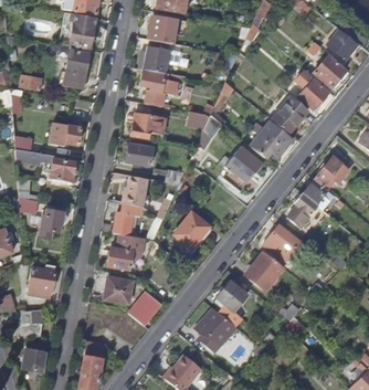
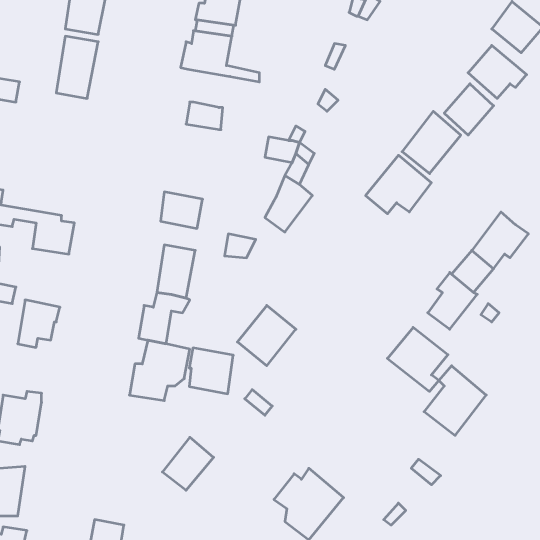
building: [140,70,169,93] -> none
building: [130,114,166,138] -> none
building: [49,123,81,146] -> none
building: [223,146,264,190] -> none
building: [246,250,284,292] -> [424,366,486,435]
building: [106,276,133,304] -> [189,348,233,394]
building: [215,281,249,312] -> none

